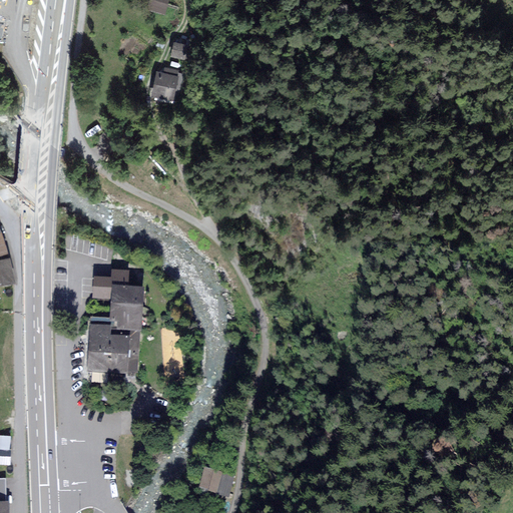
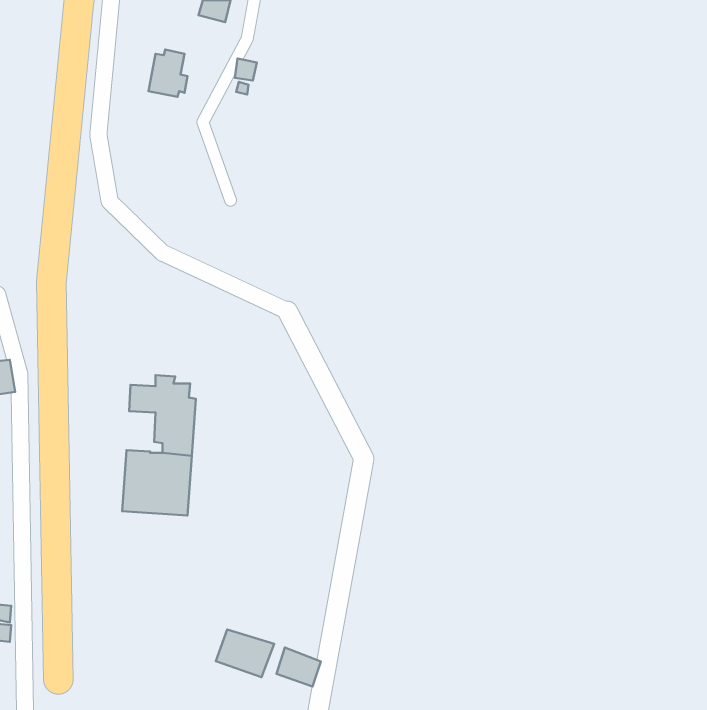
building: [150,67,178,101] -> [148,50,187,97]
building: none -> [216,630,274,677]

